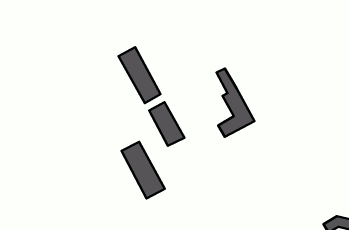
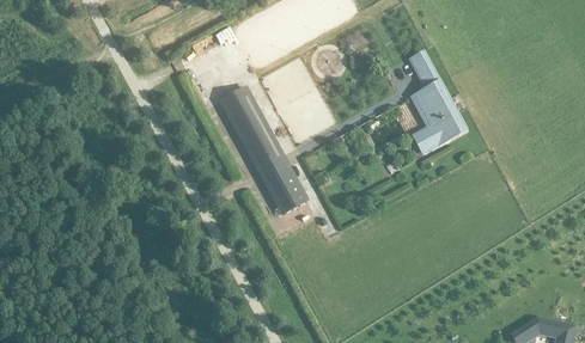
building: [217,68,255,137] -> [407,43,462,142]
building: [122,142,165,199] -> none

